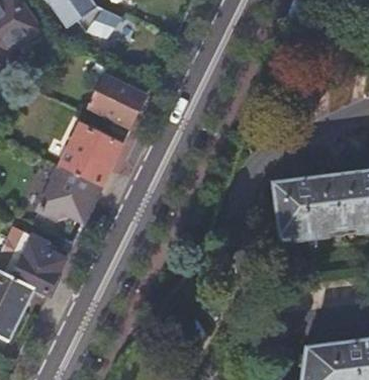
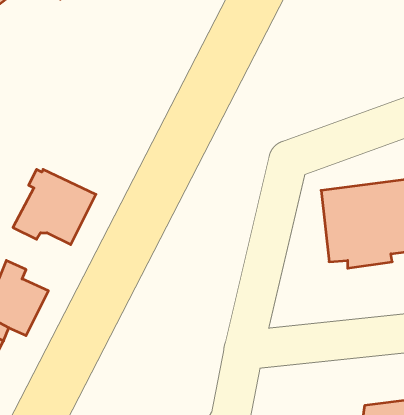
building: [90,77,145,126] -> none
building: [61,125,121,185] -> none

